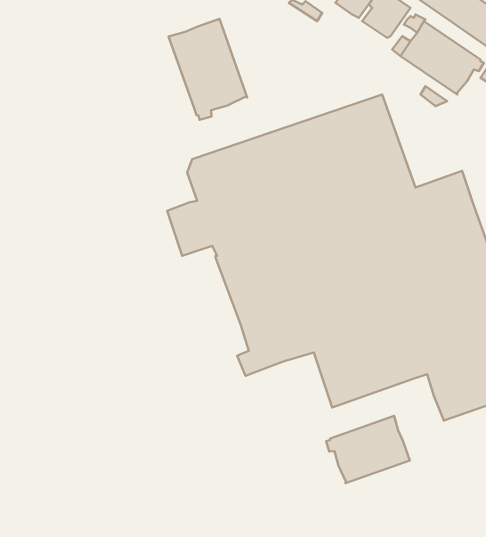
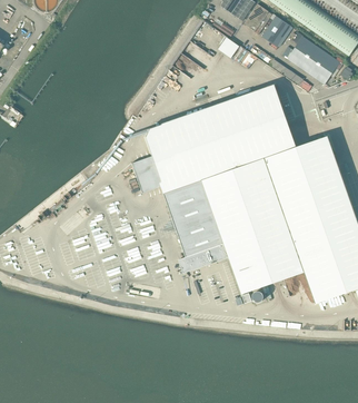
building: [169,19,247,120] -> none
building: [326,416,410,483] -> none

